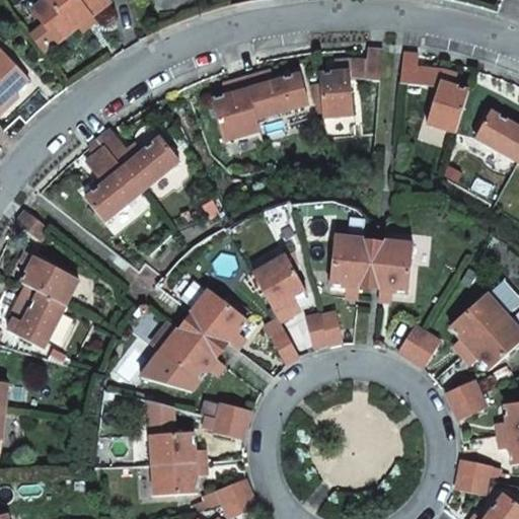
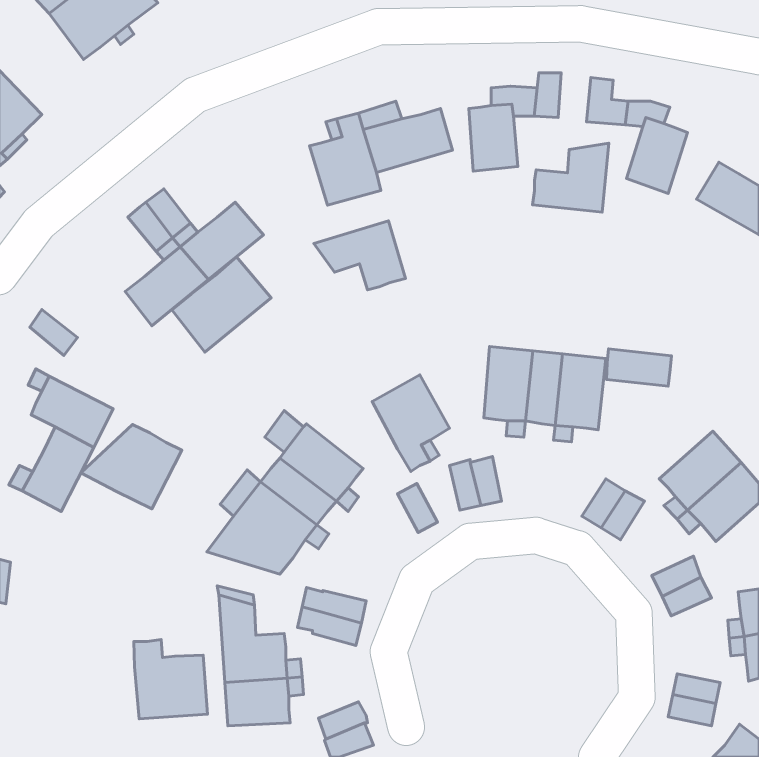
building: none -> [533,143,609,212]
building: none -> [314,221,406,290]
building: none -> [172,257,271,352]
building: none -> [606,349,671,386]
building: none -> [81,425,182,509]
building: none -> [134,639,207,719]

